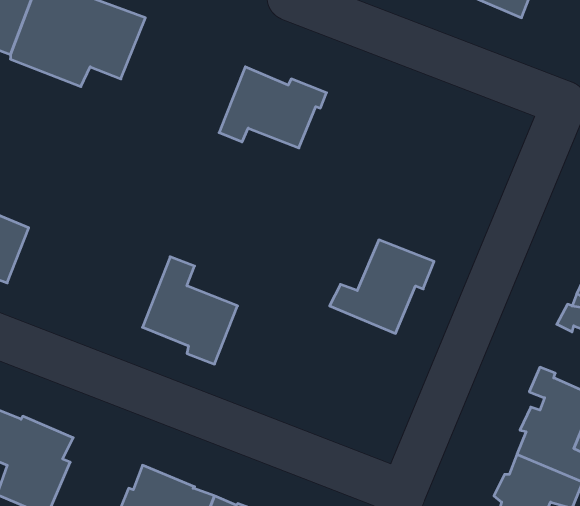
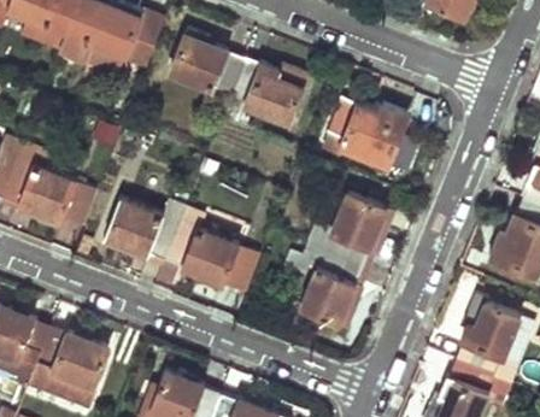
building: none -> [170,29,246,98]
building: none -> [324,99,409,168]
building: none -> [105,201,187,263]
building: none -> [289,246,364,328]

